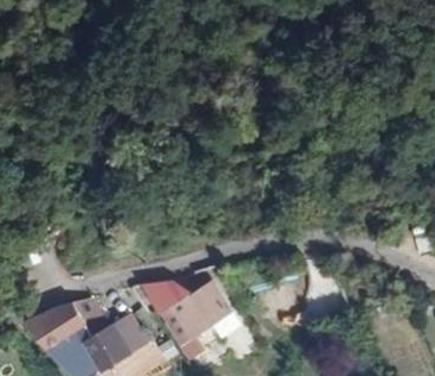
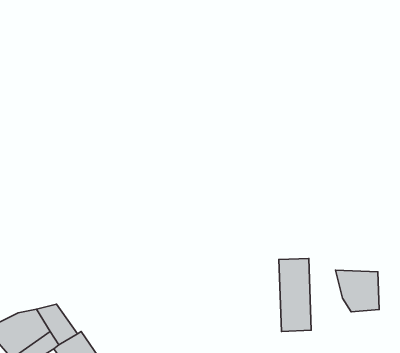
building: none -> [336,270,379,312]
building: [144,277,231,334] -> none

